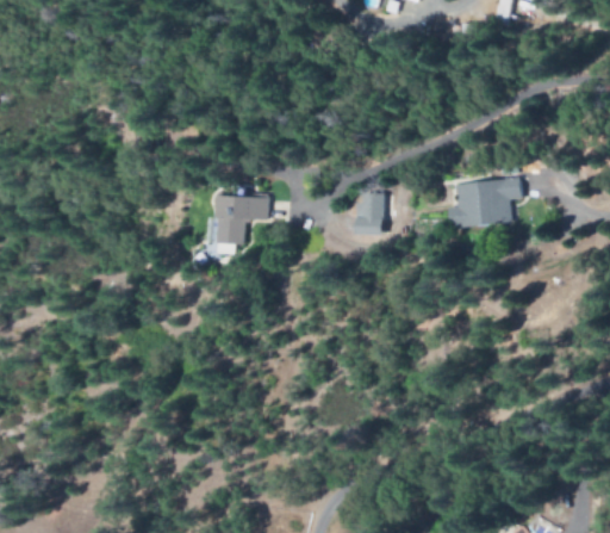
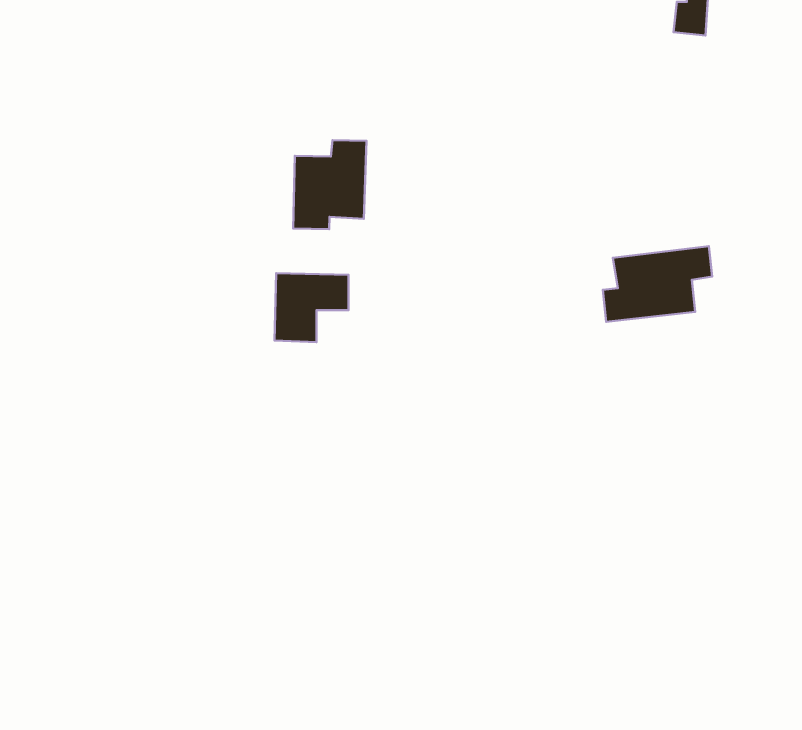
building: none -> [293,140,367,229]
building: [354,193,382,234] -> none

